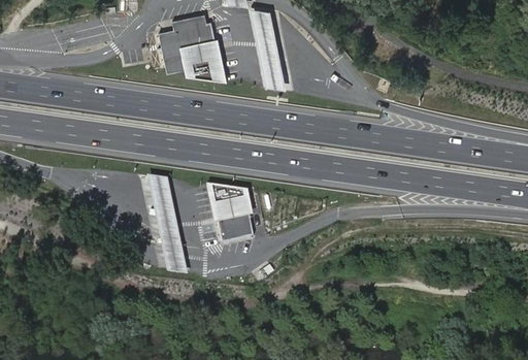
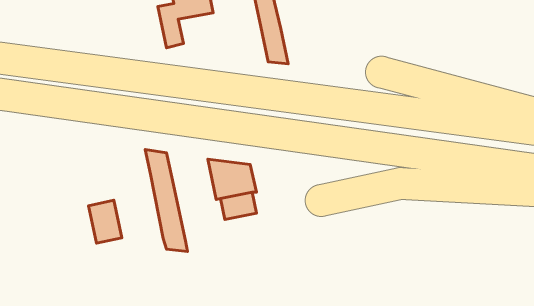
building: [177,39,226,83] -> none
building: none -> [89,200,122,243]

